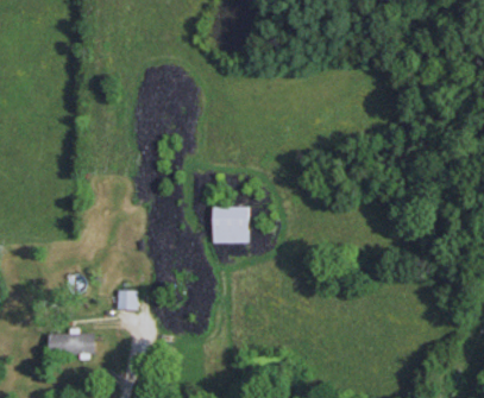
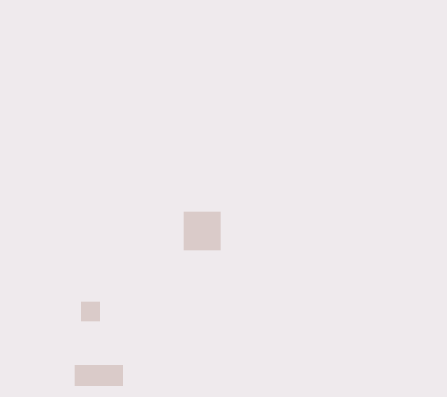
building: [49,334,95,354] -> [74,365,124,387]

